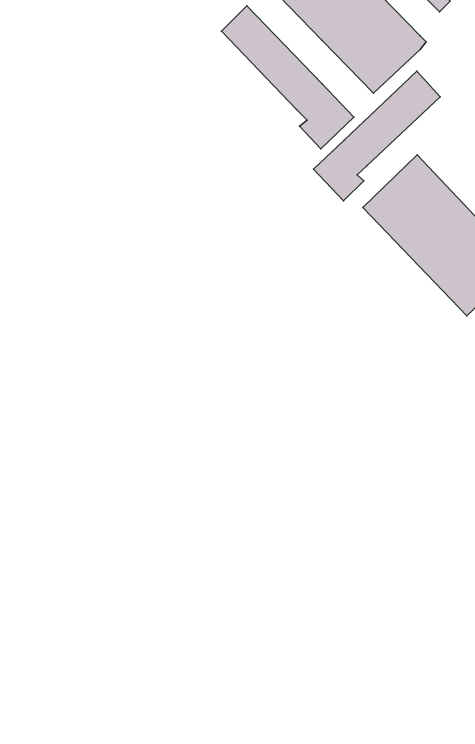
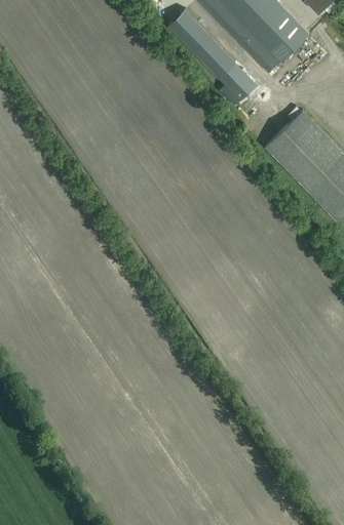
building: [313,71,440,201] -> none

